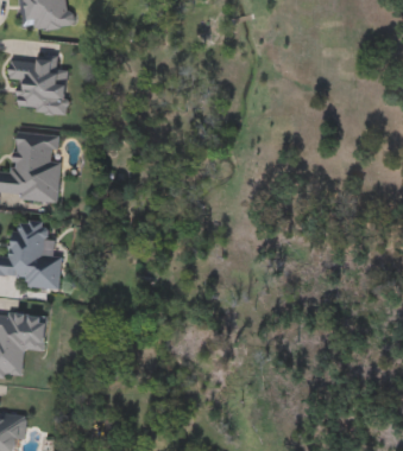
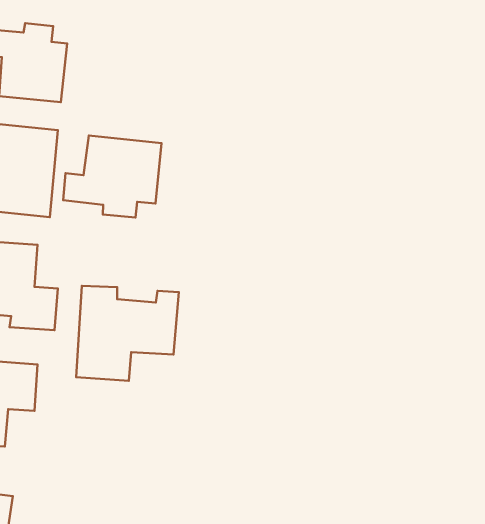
building: none -> [63,136,161,218]
building: none -> [76,286,179,381]

